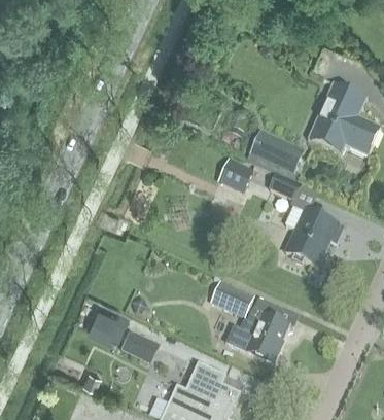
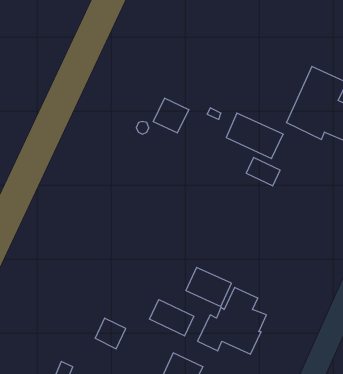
building: [217,159,252,192] -> [153,98,189,133]
building: [284,205,336,268] -> none
building: [93,309,127,343] -> none
building: none -> [150,300,194,336]

